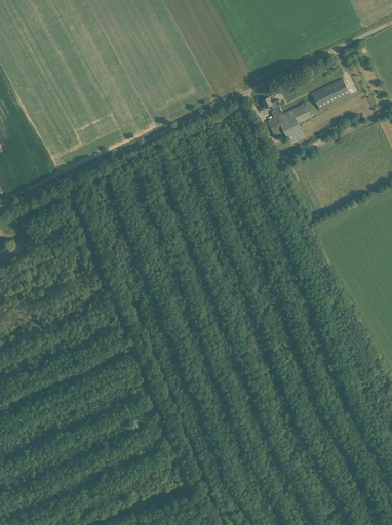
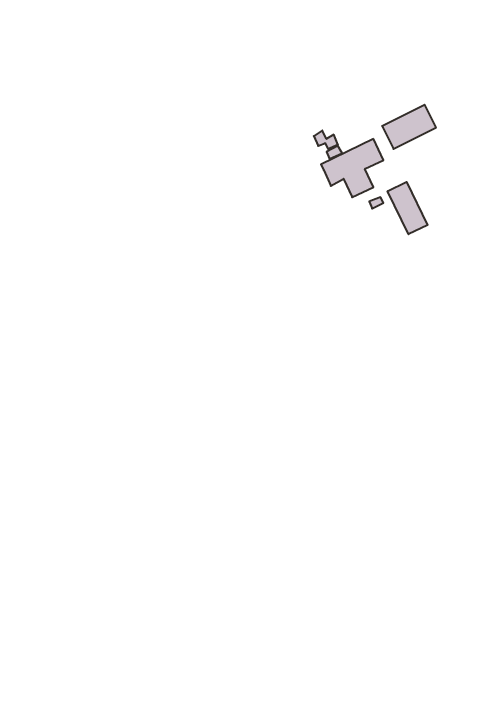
building: none -> [388,182,428,234]

